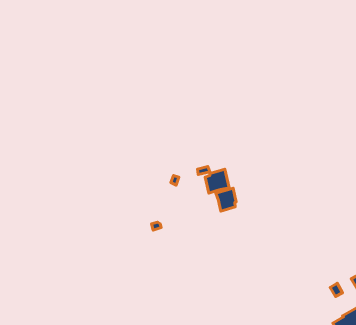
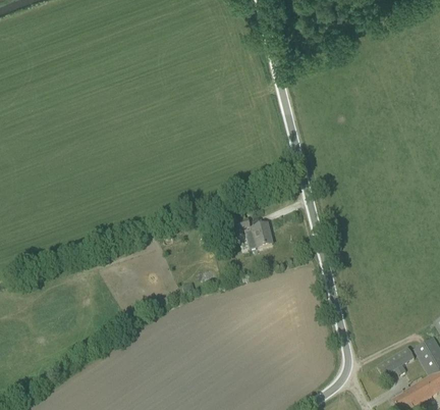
building: [216,188,236,211] -> none

